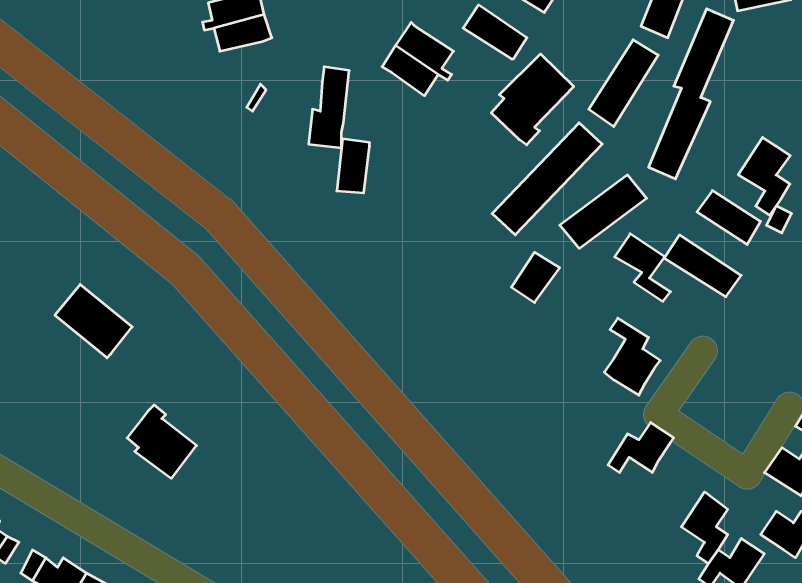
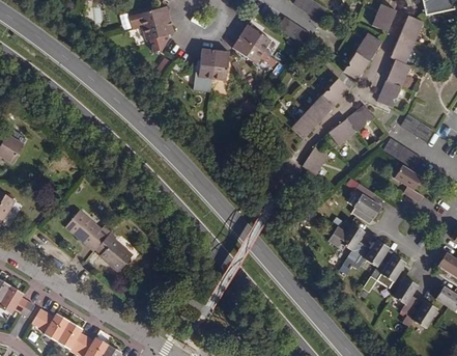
building: [491,54,574,145] -> none
building: [738,137,790,215] -> none
building: [337,139,370,193] -> [210,50,228,79]
building: [615,234,671,301] -> [394,165,424,201]
building: [55,284,132,358] -> [64,210,106,249]
building: none -> [326,223,364,262]
building: none -> [369,254,405,281]

